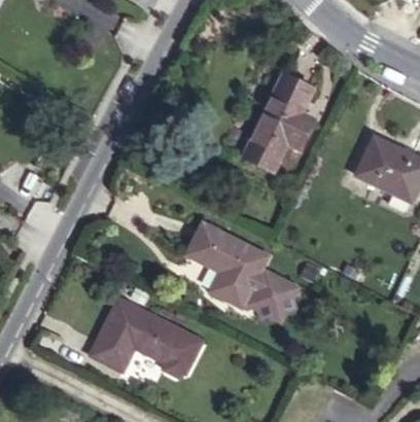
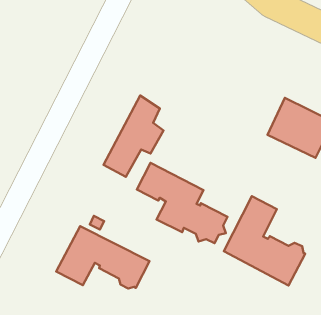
building: [237,80,309,178] -> [103,96,163,177]
building: none -> [224,196,305,286]

